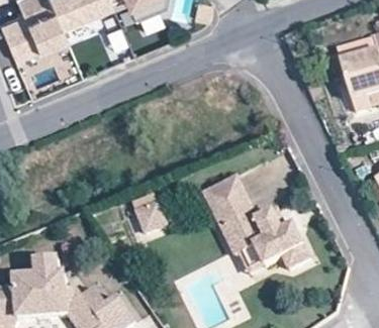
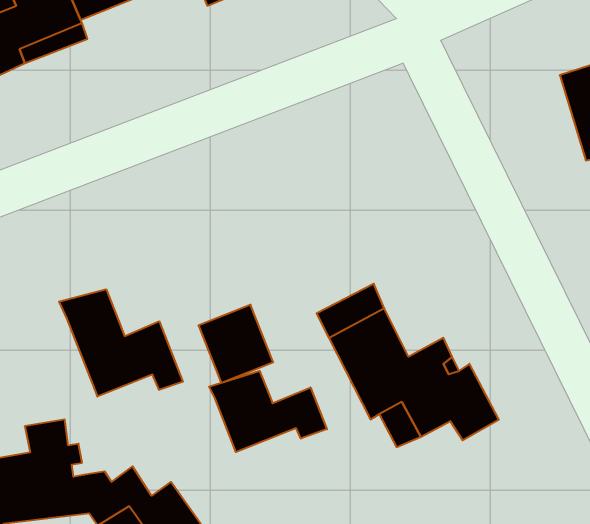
building: none -> [59,289,183,397]
building: none -> [209,371,327,452]

